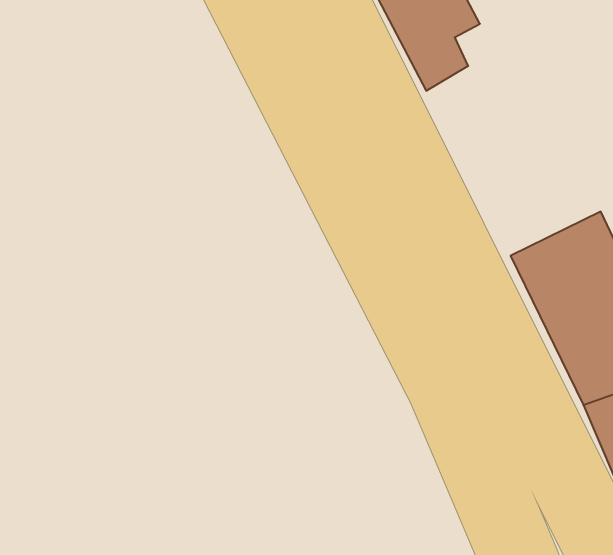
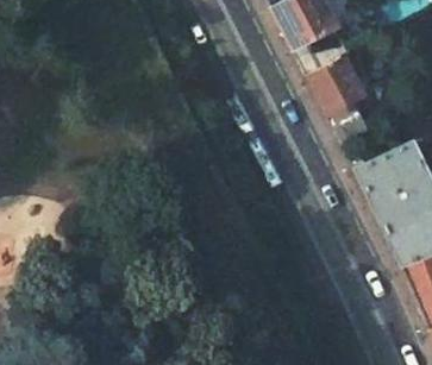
building: none -> [309,56,371,145]

